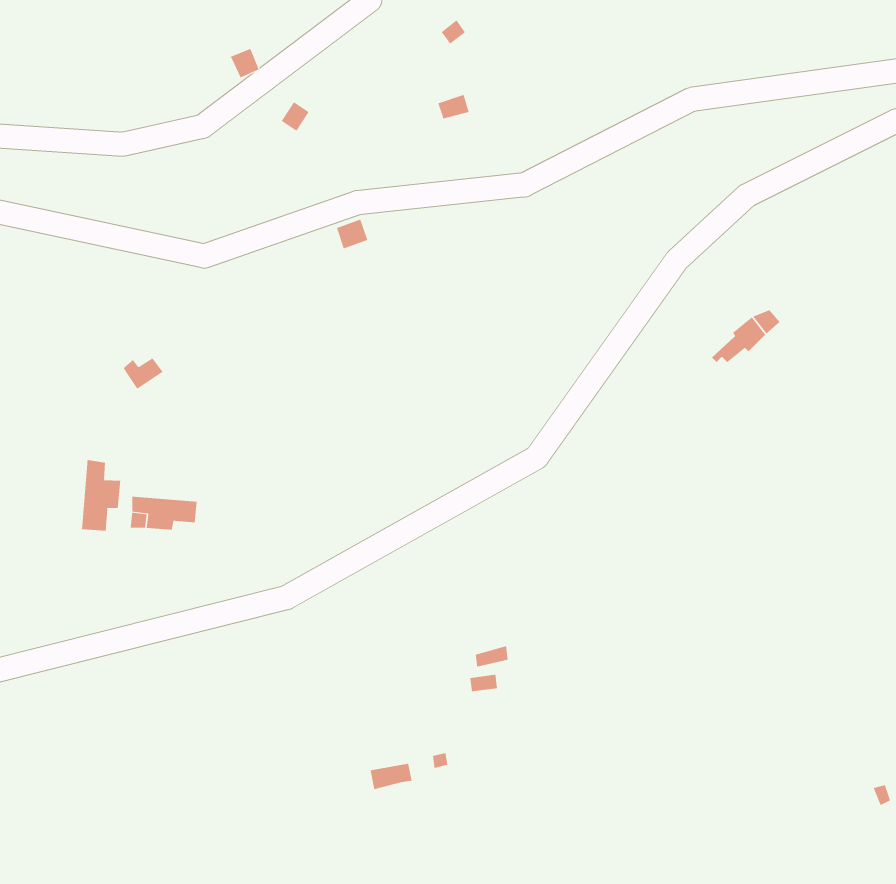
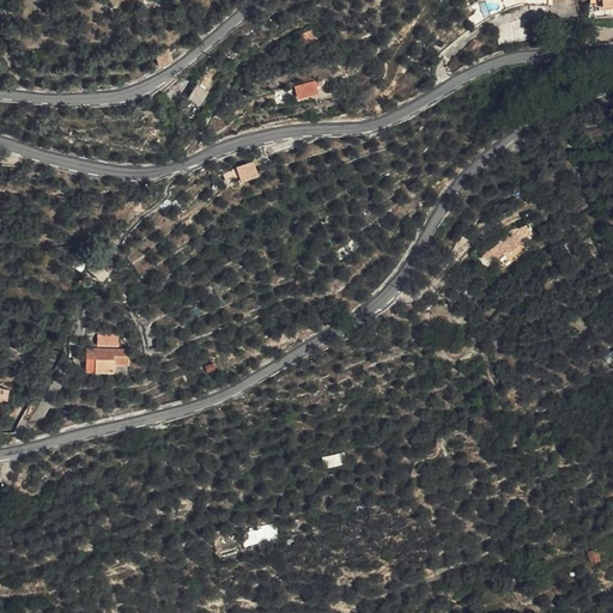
building: [82,459,121,532] -> none

